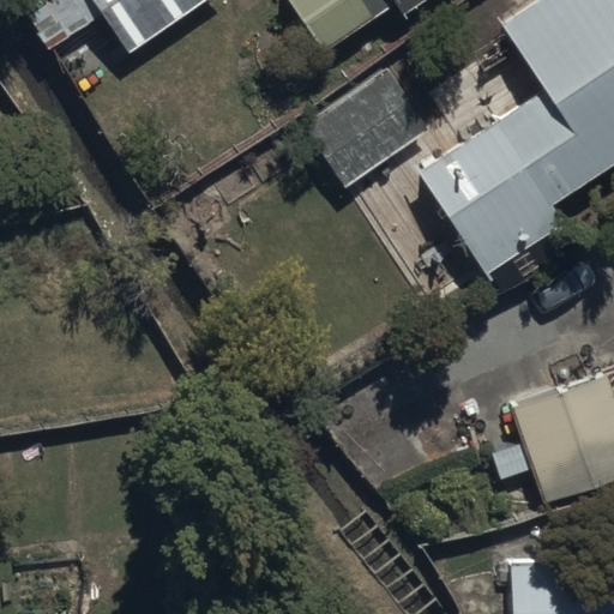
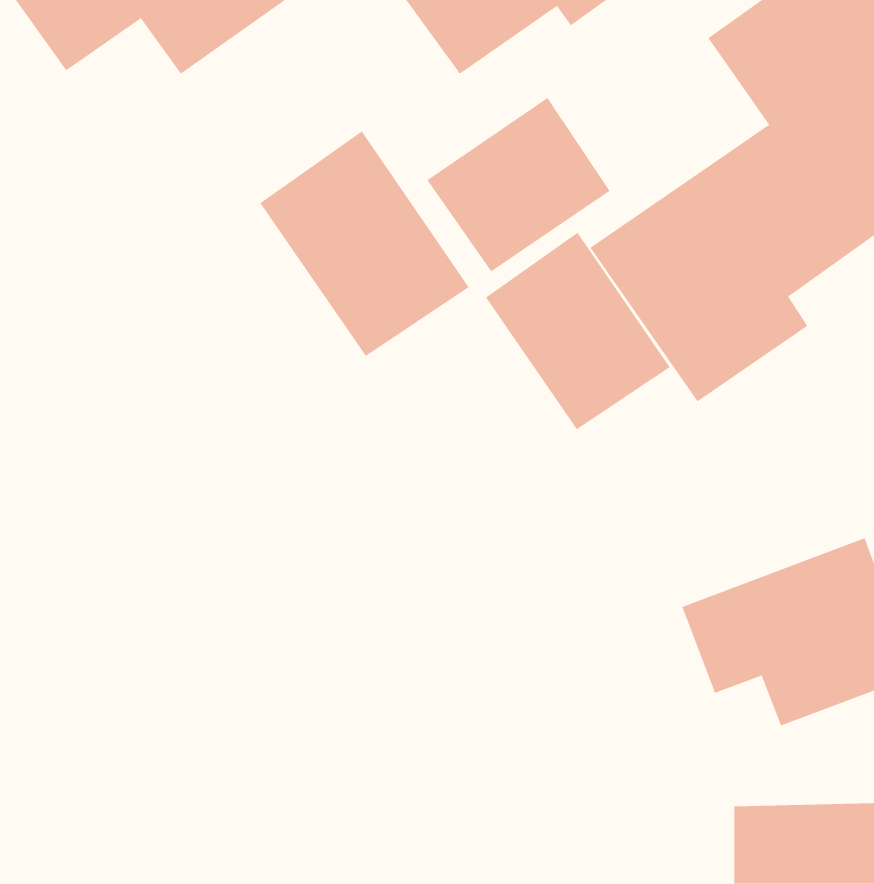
building: none -> [260,131,469,357]
building: none -> [485,232,670,430]

